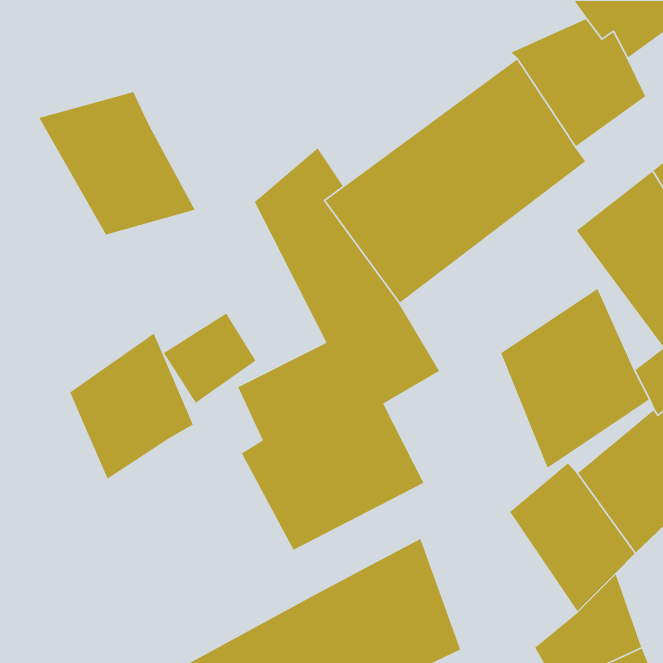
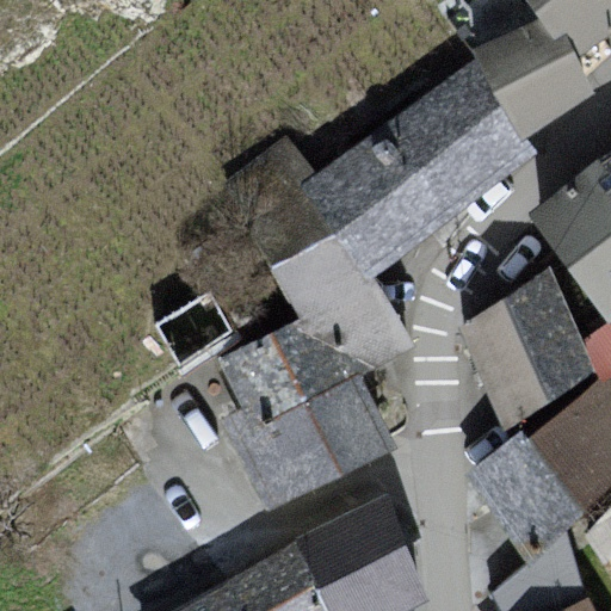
building: [38,91,196,236] -> none
building: [69,332,194,480] -> none

